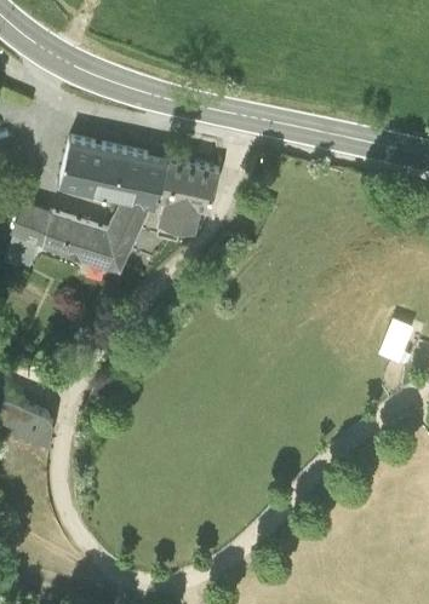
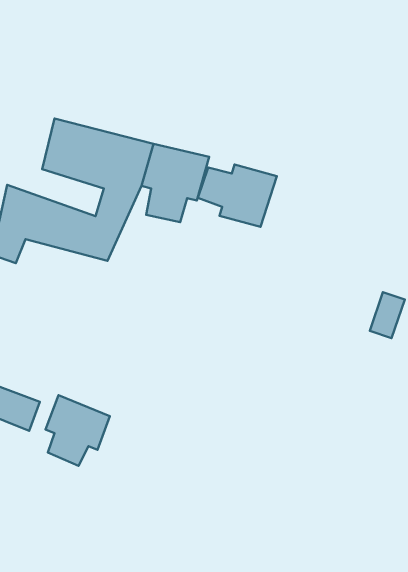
building: none -> [198,165,277,227]
building: none -> [46,395,110,466]

